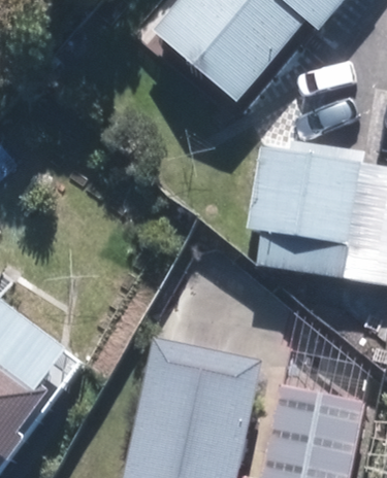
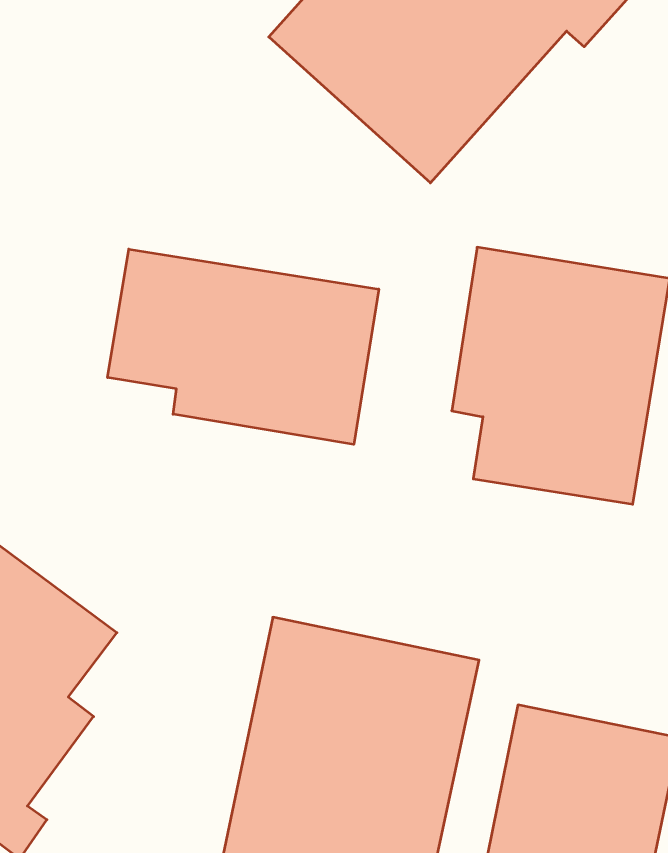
building: none -> [108,249,379,444]

